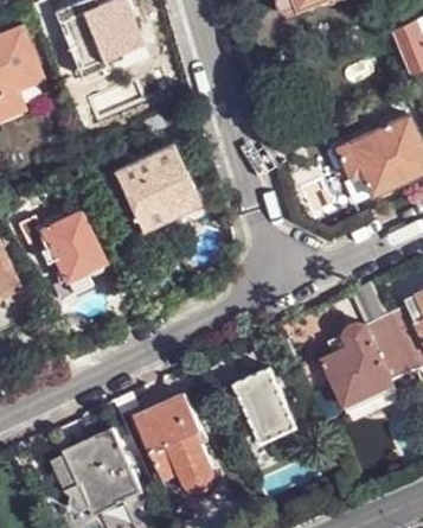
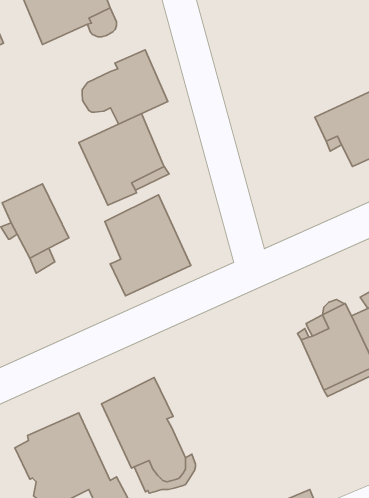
building: none -> [82,50,168,124]
building: none -> [105,195,191,296]
building: [236,367,299,441] -> none

